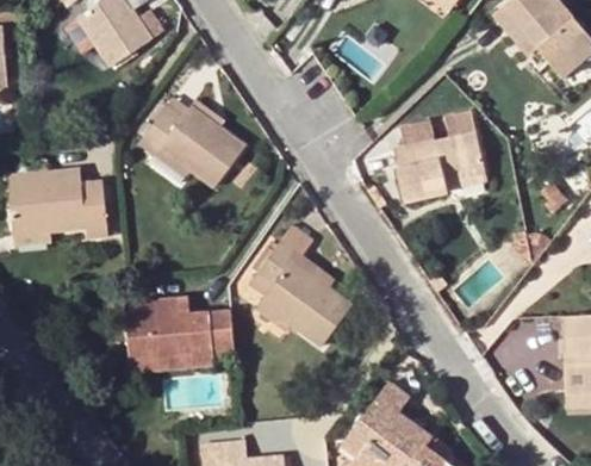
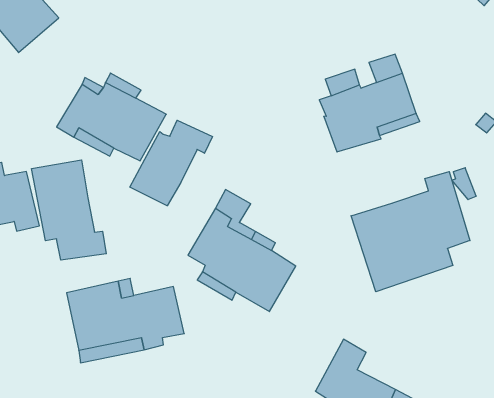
building: none -> [130,120,213,206]
building: none -> [32,160,106,260]
building: none -> [351,172,470,292]

